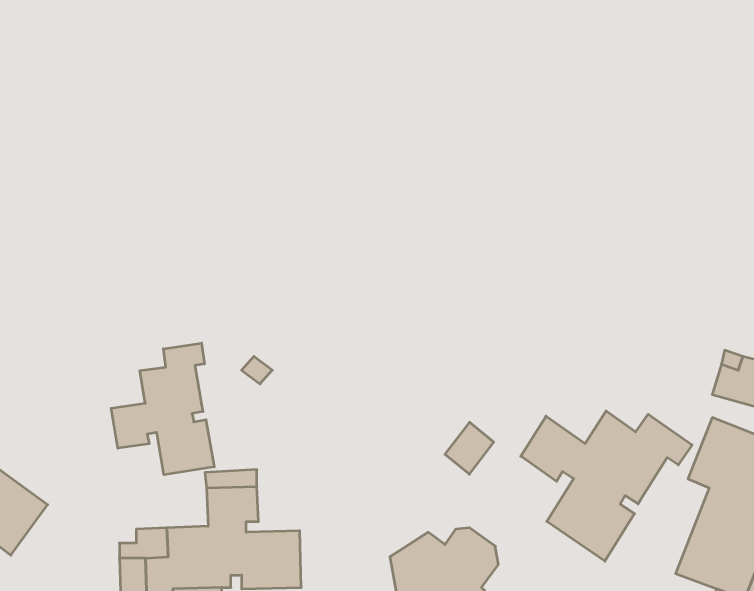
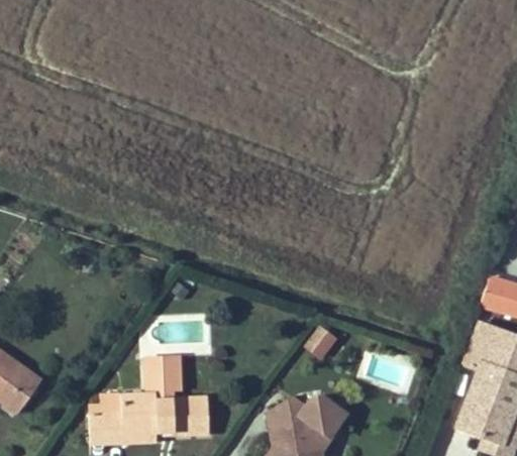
building: [111,343,214,475] -> none
building: [521,411,692,561] -> none

